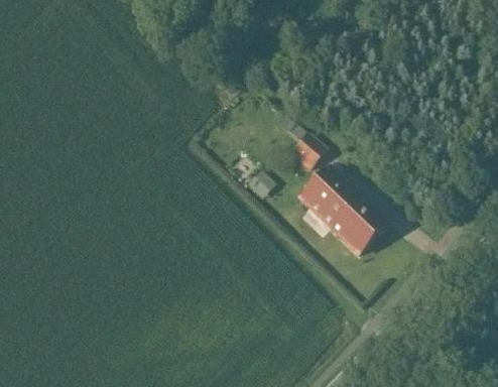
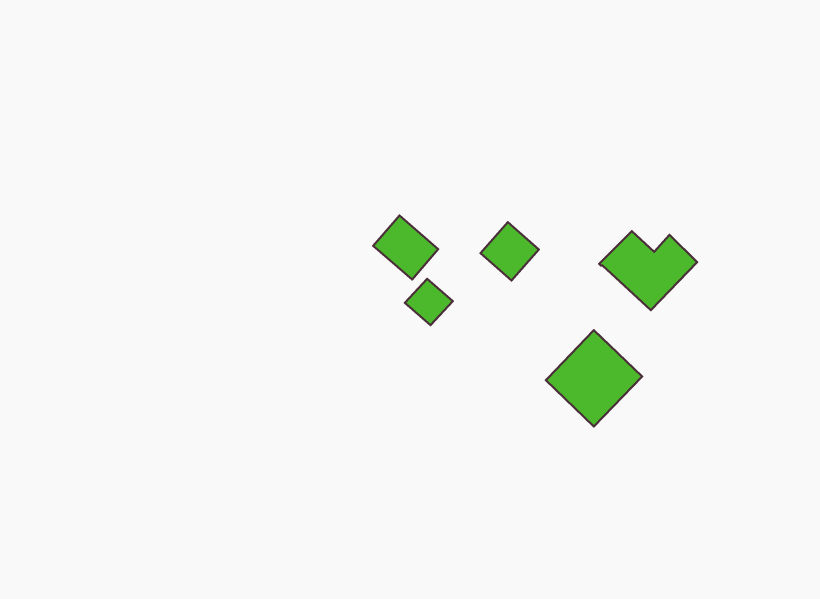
building: none -> [373,216,438,279]
building: [304,183,362,230] -> [599,231,697,310]

